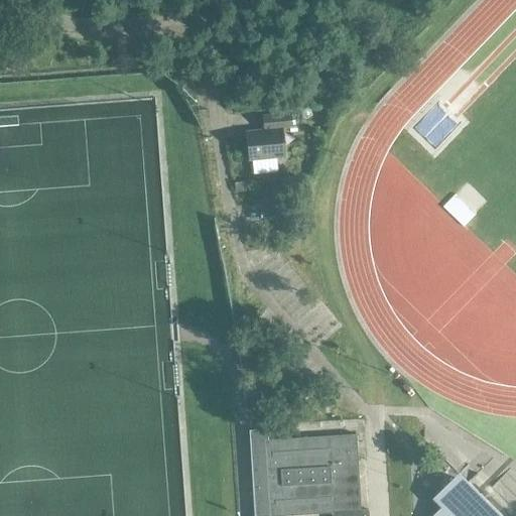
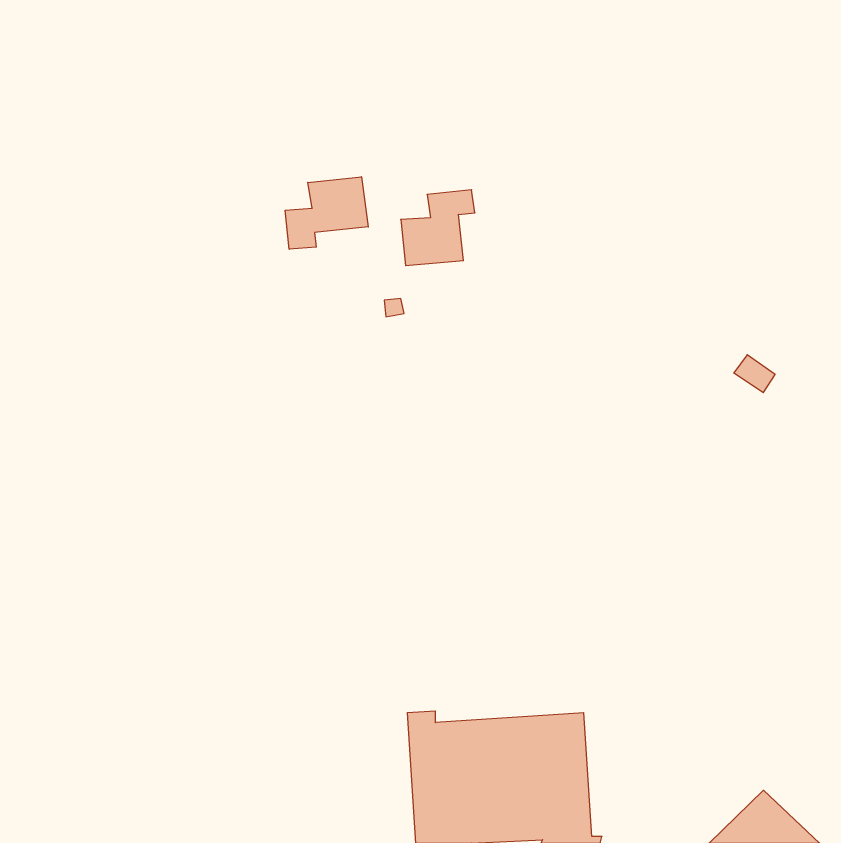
building: none -> [285,177,368,249]

